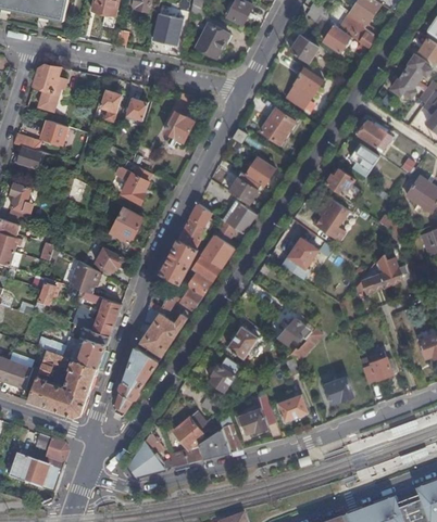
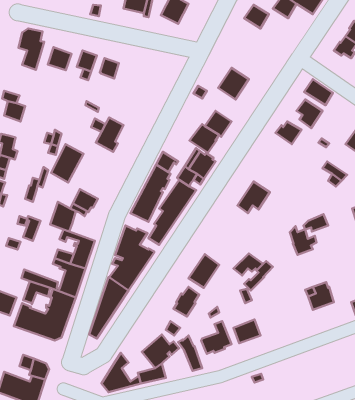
building: [286,68,324,110] -> none
building: [164,111,193,142] -> none
building: [40,119,67,145] -> [48,47,72,70]
building: [313,199,348,241] -> none
building: [107,207,143,251] -> [51,144,84,182]
building: [376,255,407,288] -> [290,226,317,255]
building: [325,378,352,403] -> none
building: [199,429,230,459] -> none

